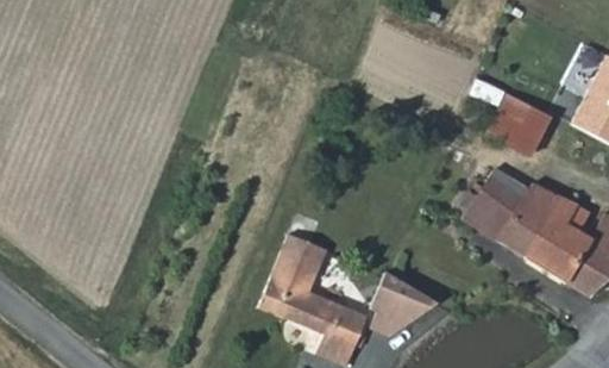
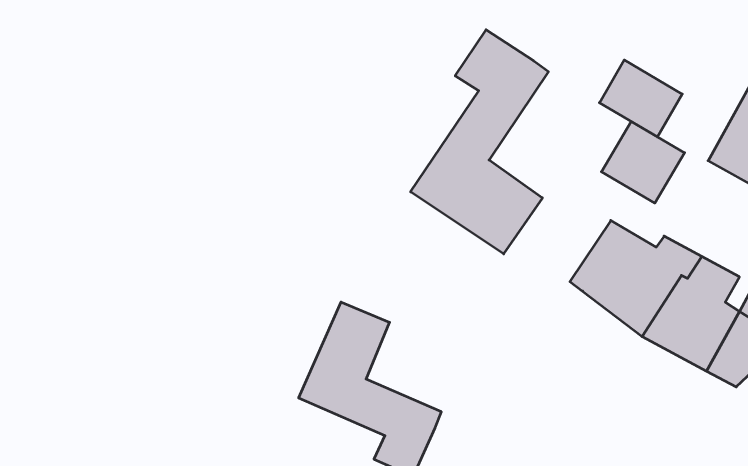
building: none -> [411,30,548,254]
building: none -> [599,60,682,137]
building: [363,275,435,335] -> none

